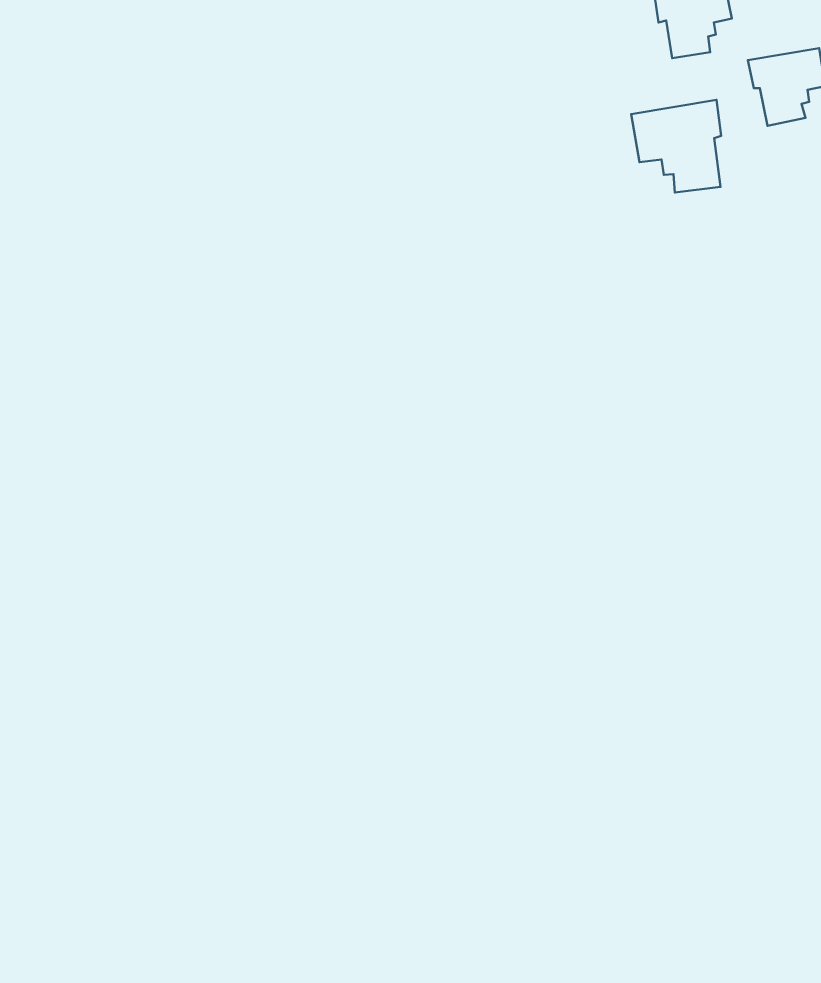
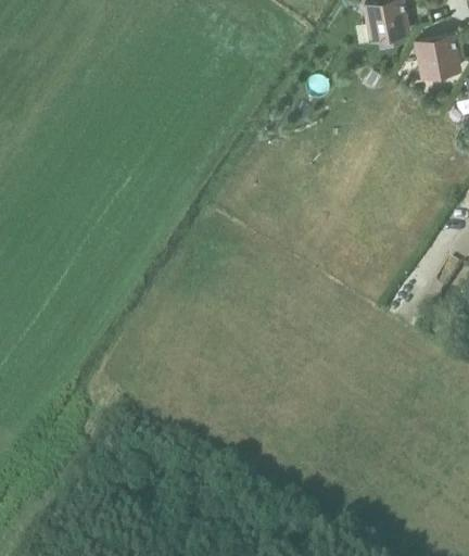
building: [631,100,721,192] -> none

